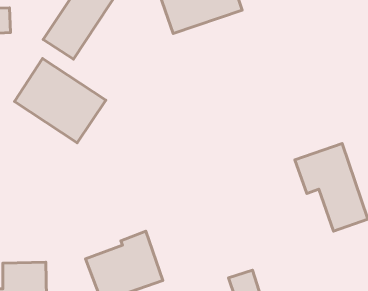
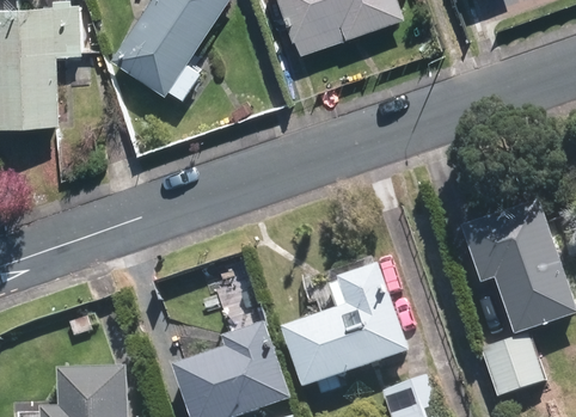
building: [15,59,106,143] -> none
building: none -> [289,268,404,381]
building: none -> [479,339,538,395]

